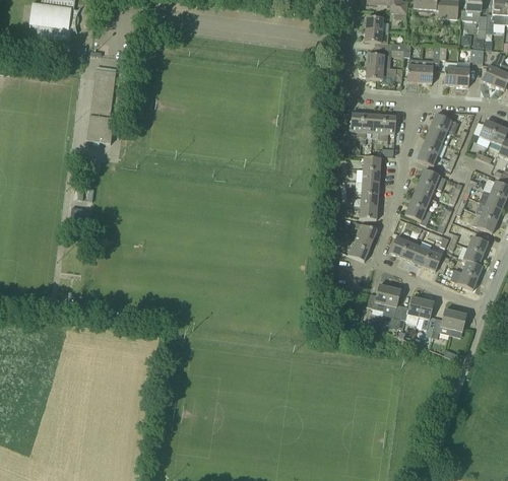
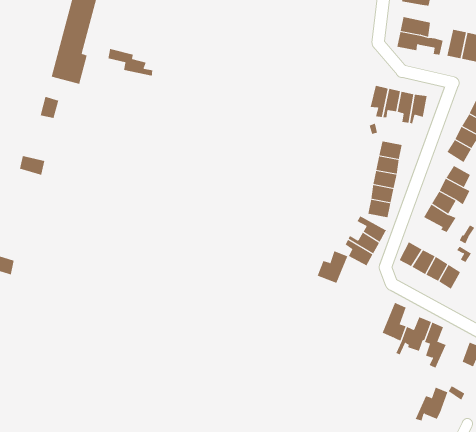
building: none -> [108,48,153,76]
building: [367,283,390,313] -> [317,251,348,287]
building: [431,307,455,337] -> [415,387,448,421]

